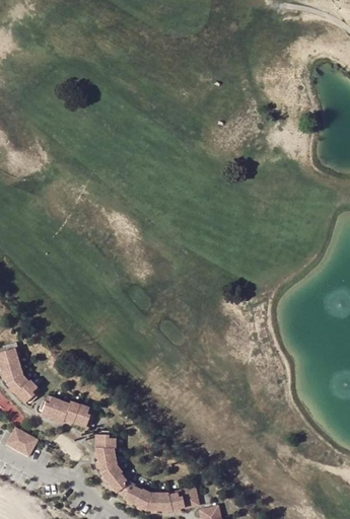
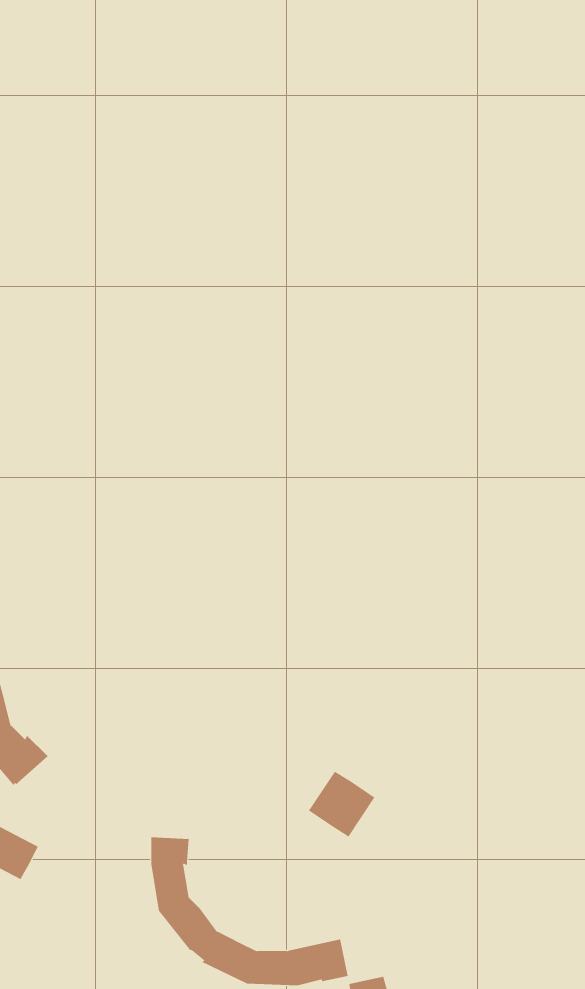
building: [43,396,93,429] -> none
building: none -> [308,771,375,837]

